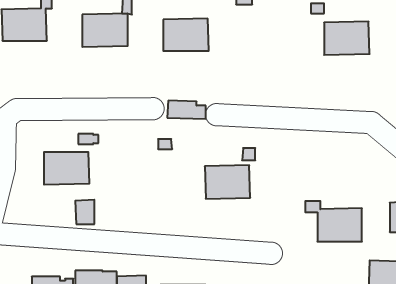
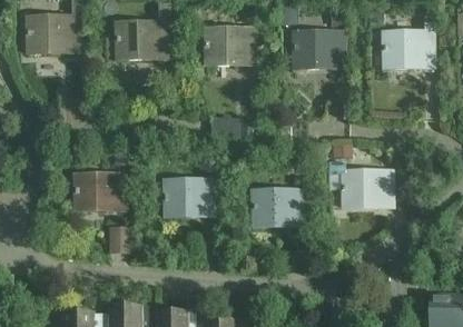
building: none -> [294,31,344,68]
building: none -> [164,179,214,216]
building: [305,201,362,242] -> [328,162,391,207]

